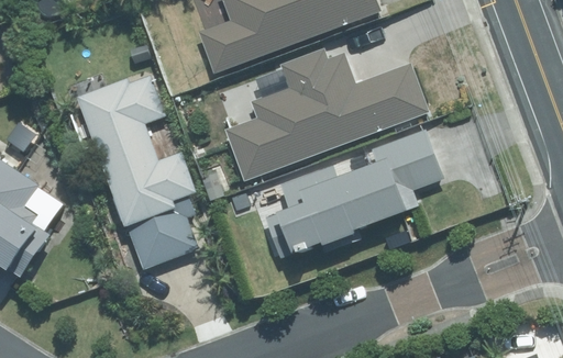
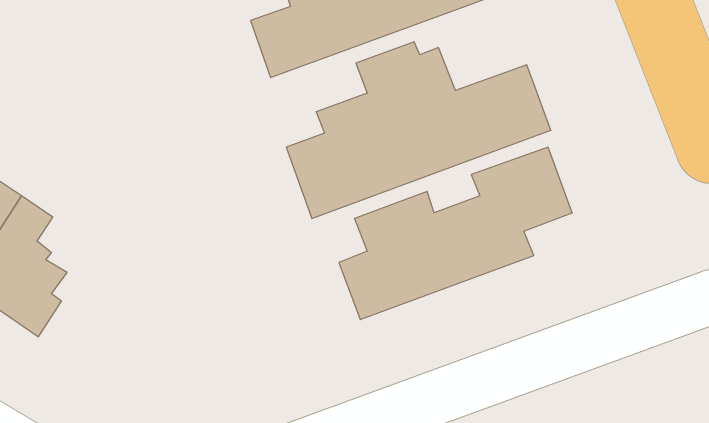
building: [76,69,202,272] -> none

